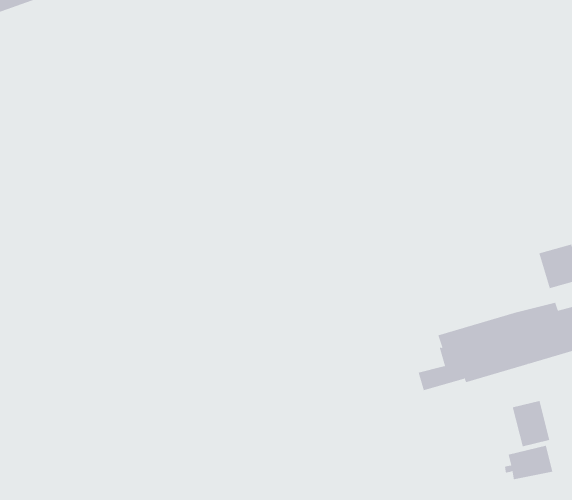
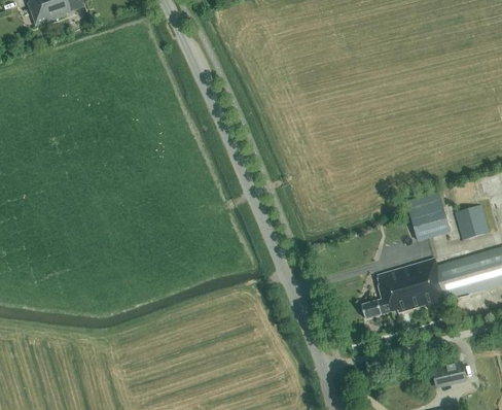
building: none -> [406,193,450,241]
building: [512,400,550,447] -> none

